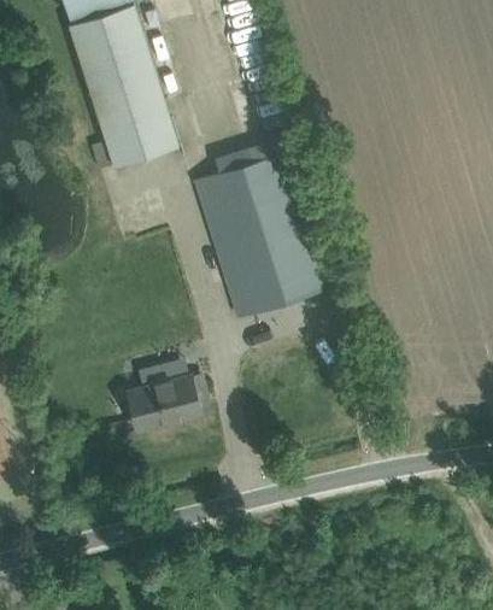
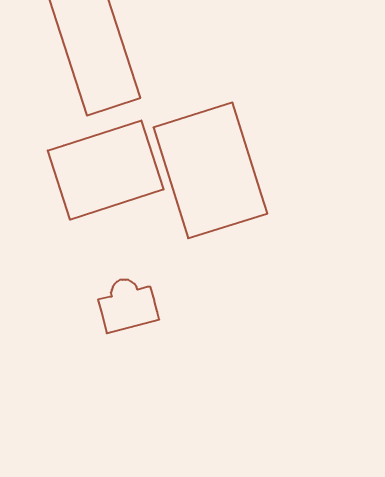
building: none -> [48,120,164,220]

